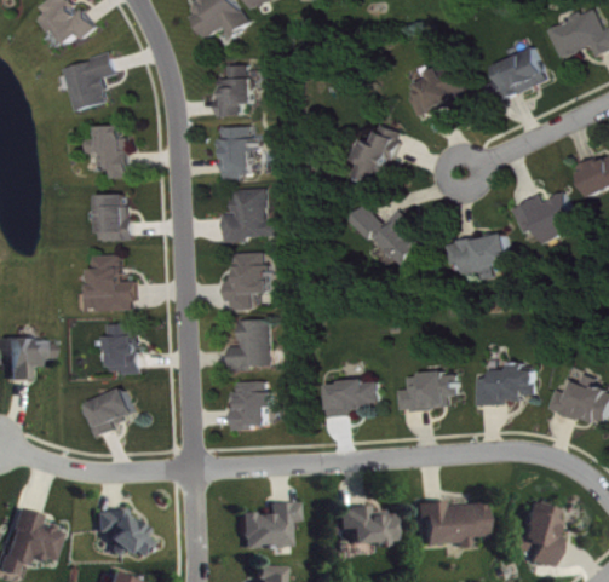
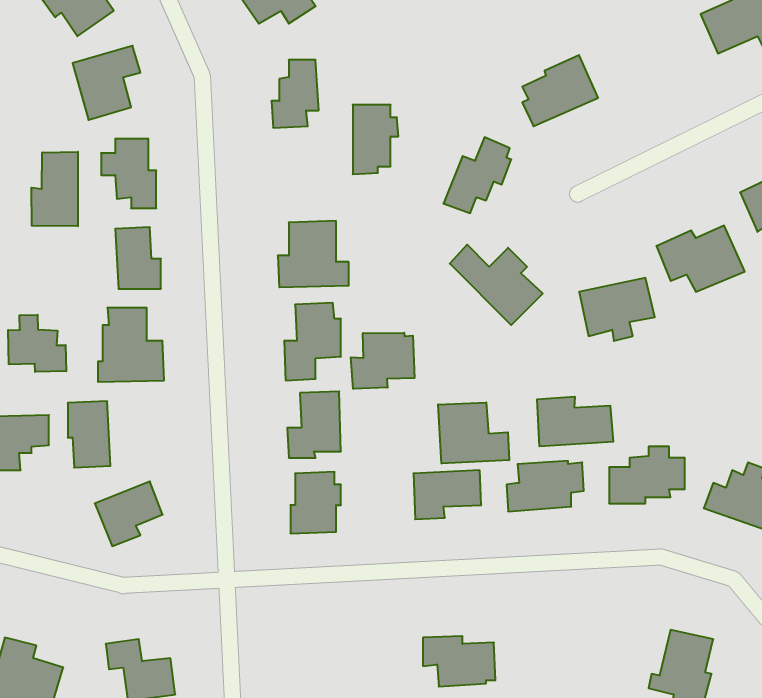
building: [486,45,547,100] -> none
building: [222,126,257,179] -> [353,105,398,174]
building: none -> [31,152,78,226]
building: none -> [8,315,66,372]
building: none -> [351,333,414,389]
building: [104,322,137,373] -> [68,401,110,468]
building: none -> [537,397,613,446]
building: none -> [438,402,509,464]
building: [410,500,481,547] -> none
building: [234,501,293,548] -> none

